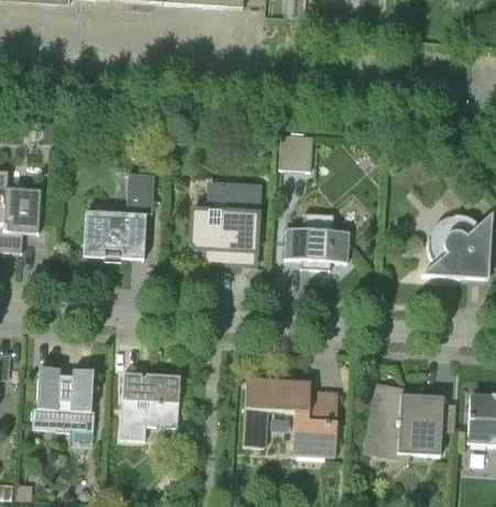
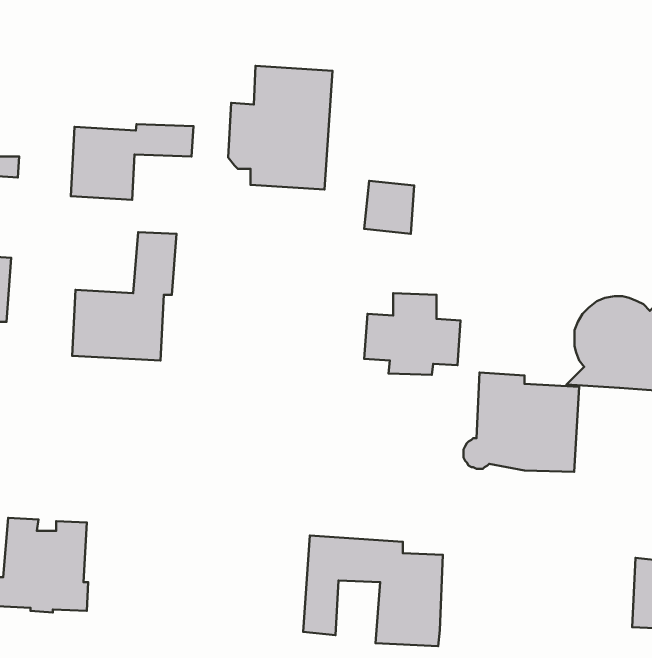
building: none -> [71,124,194,200]
building: [188,180,260,265] -> [228,66,332,190]
building: [119,372,179,439] -> none
building: [365,386,444,454] -> [464,372,579,472]

